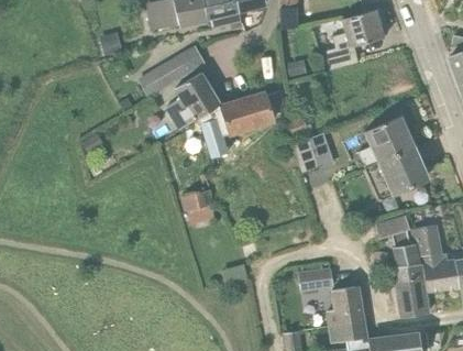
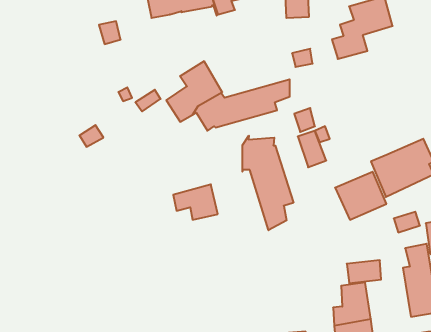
building: [141,47,205,95] -> none
building: [364,116,414,162] -> [335,172,386,220]
building: none -> [242,136,293,230]
building: [299,268,332,290] -> [347,260,381,283]

